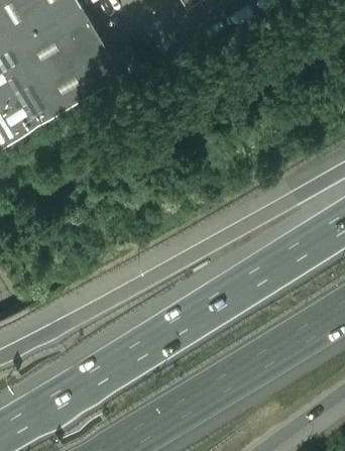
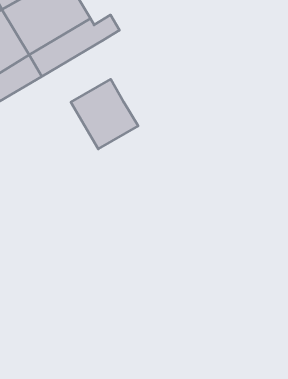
building: none -> [71,79,138,149]

